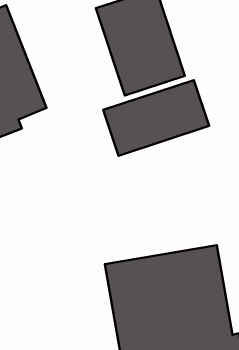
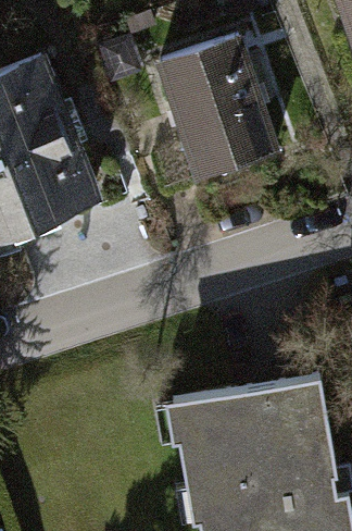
building: [103,80,209,156] -> none

